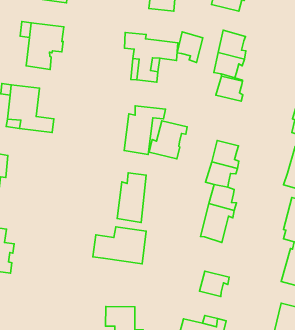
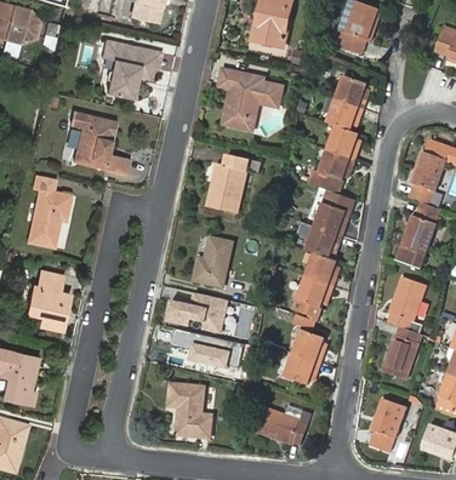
building: [177,32,203,62] -> none
building: [149,121,187,159] -> [307,148,354,194]
building: none -> [292,313,324,362]
building: none -> [171,326,233,368]

